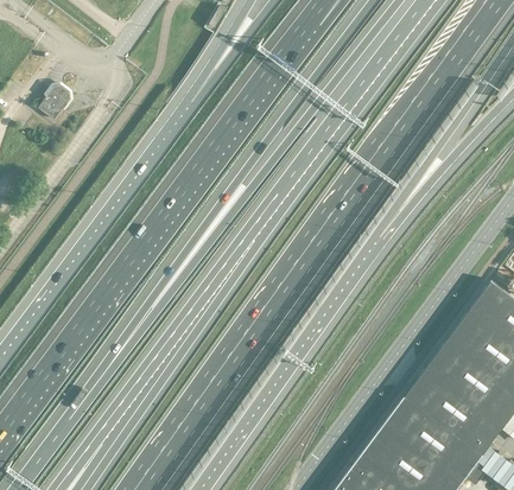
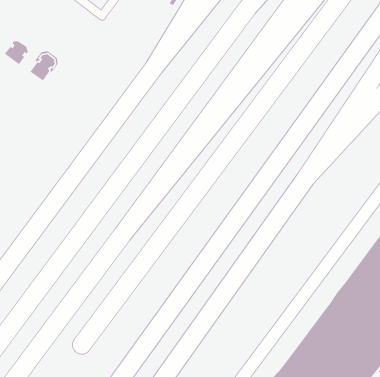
building: none -> [4,41,29,65]

